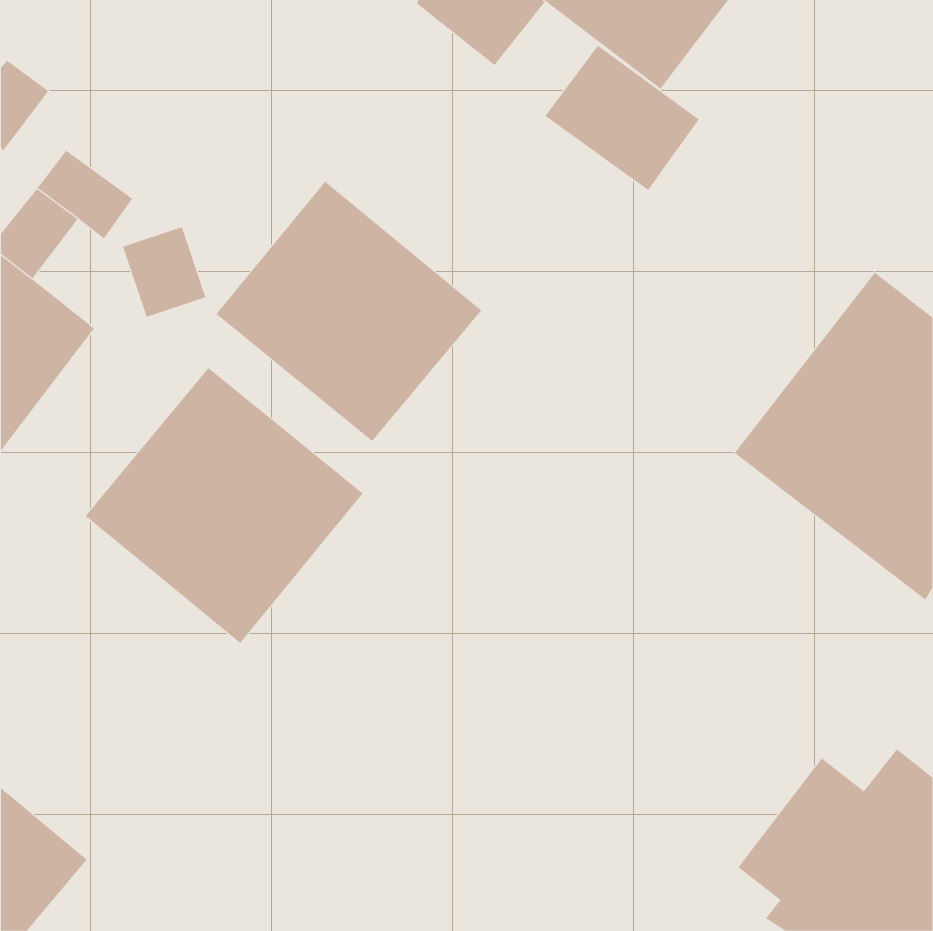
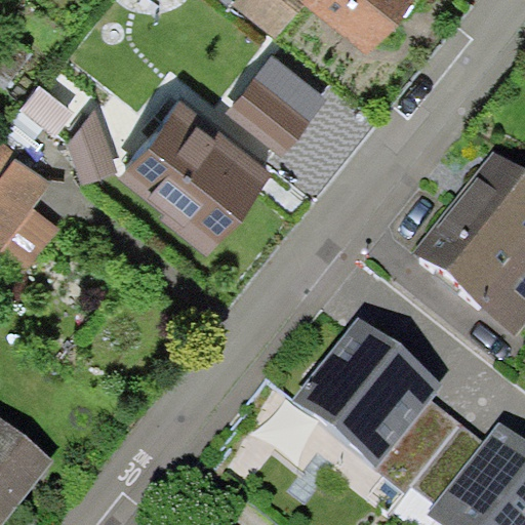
building: [544,45,700,191] -> [228,71,315,153]
building: [85,367,363,644] -> none
building: none -> [293,320,461,492]

